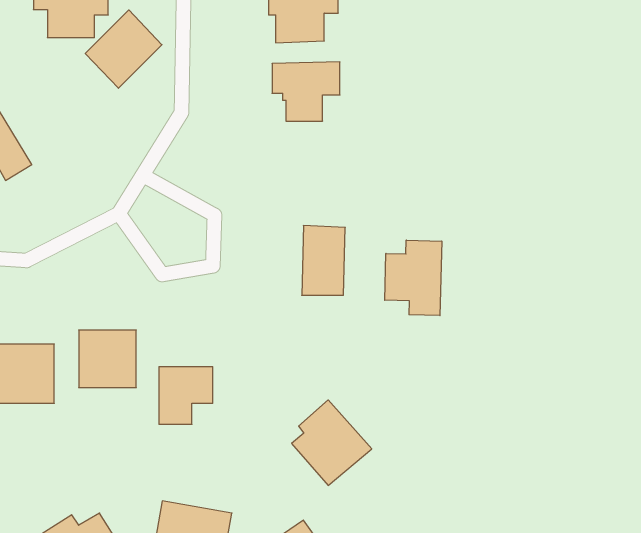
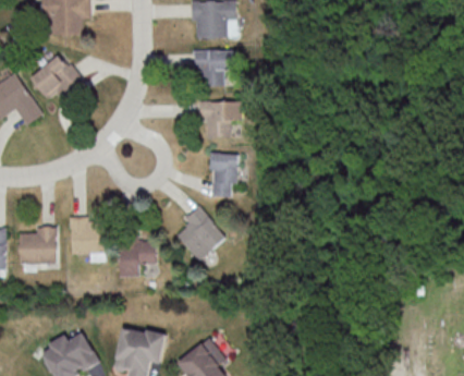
building: [85,10,162,88] -> [32,52,80,101]
building: none -> [197,101,240,137]
building: [385,240,442,316] -> none
building: [292,400,372,485] -> [176,206,227,259]

